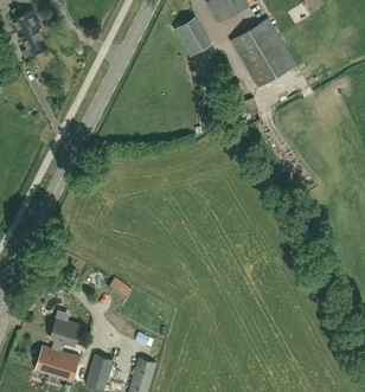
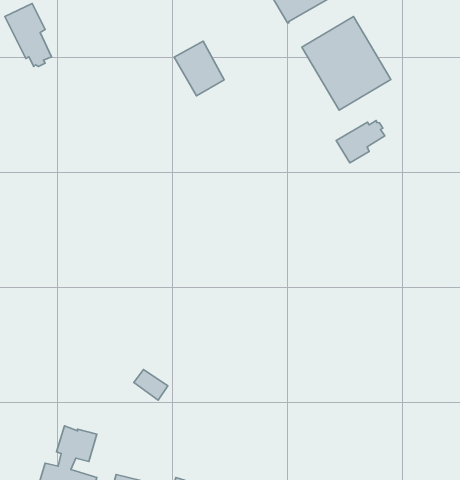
building: [173,15,210,56] -> [174,41,224,96]
building: none -> [336,121,385,163]

